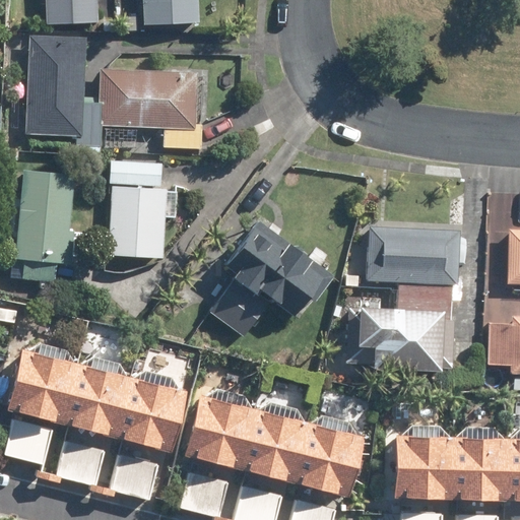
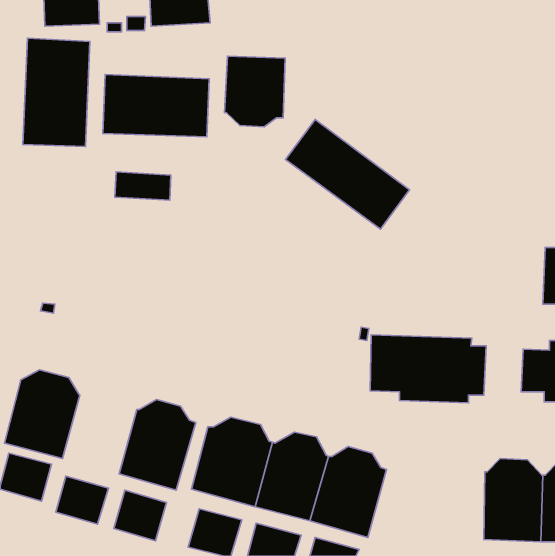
building: none -> [225,56,285,127]
building: none -> [285,119,409,229]
building: [15,171,74,280] -> none
building: [110,187,166,257] -> none
building: [210,221,335,337] -> none
building: [368,226,459,314] -> none
building: [62,356,131,440] -> none
building: [394,426,454,501] -> none

